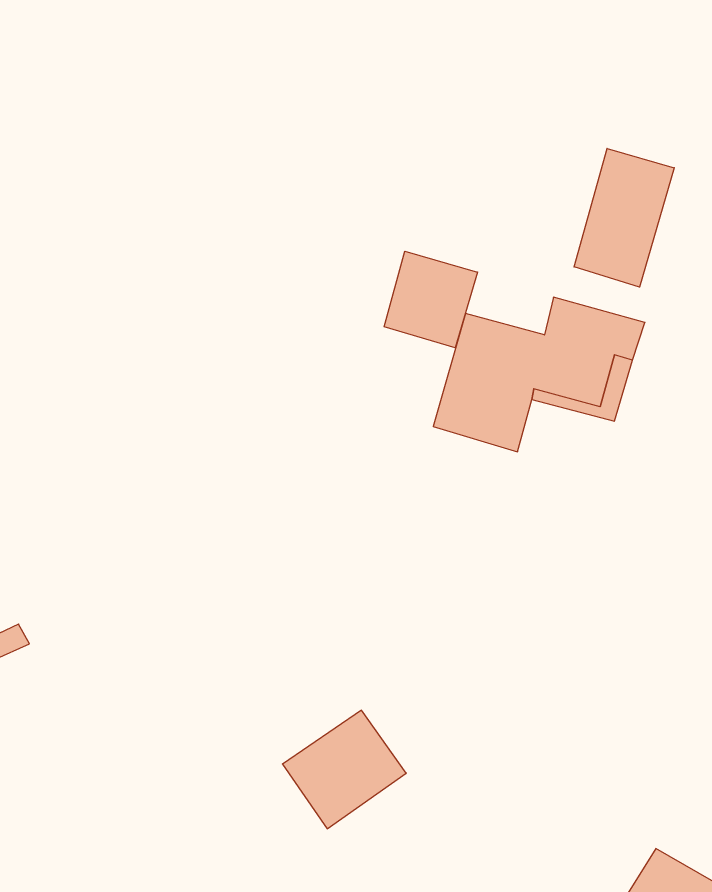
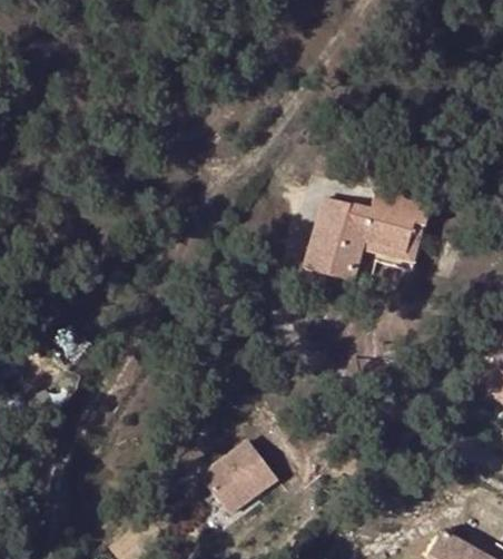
building: [574,148,674,287] -> none
building: [384,251,478,348] -> none

